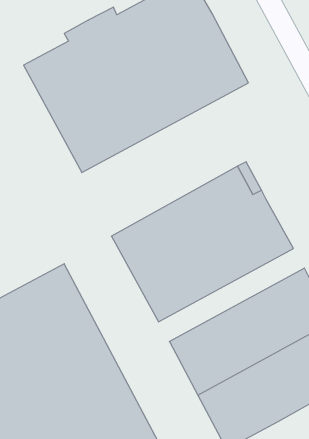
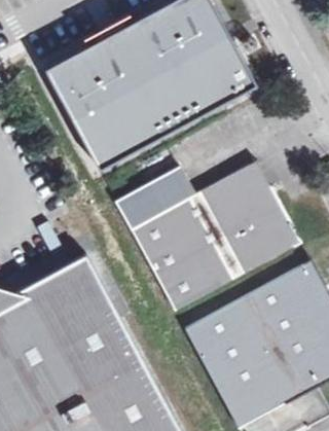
building: none -> [113,165,193,228]

